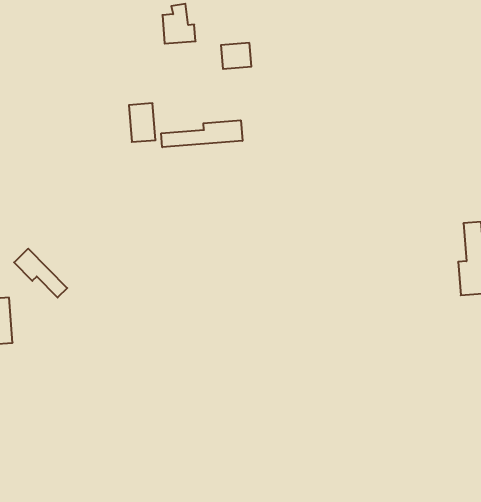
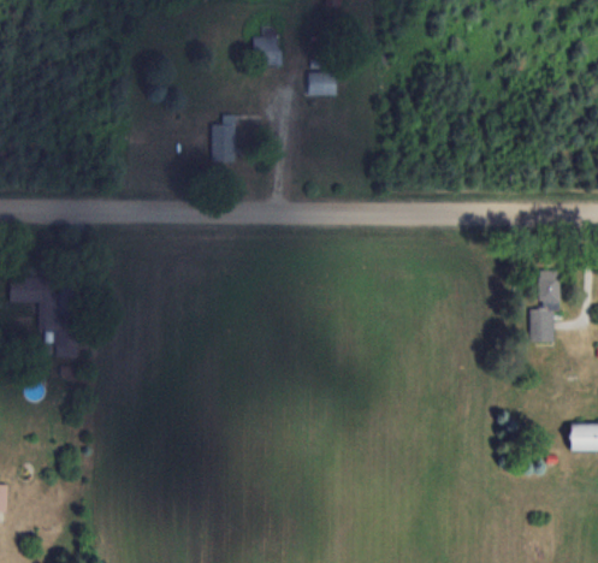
building: [161,120,242,147] -> none
building: [14,249,67,298] -> none

